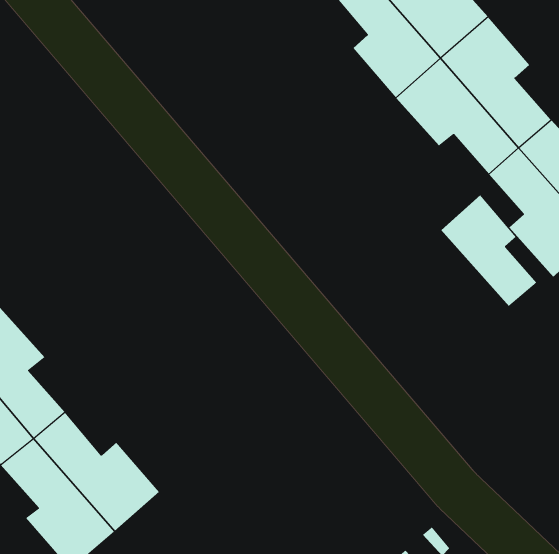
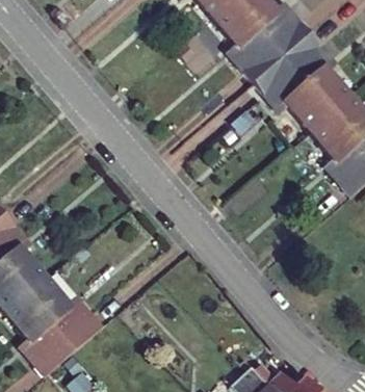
building: [441,195,537,307] -> none

